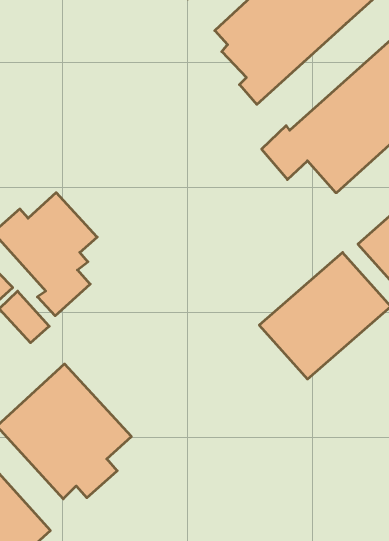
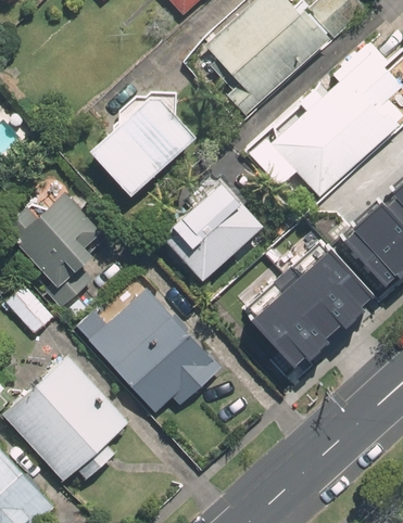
building: none -> [96,93,199,191]
building: none -> [144,181,257,282]
building: none -> [76,286,221,412]

